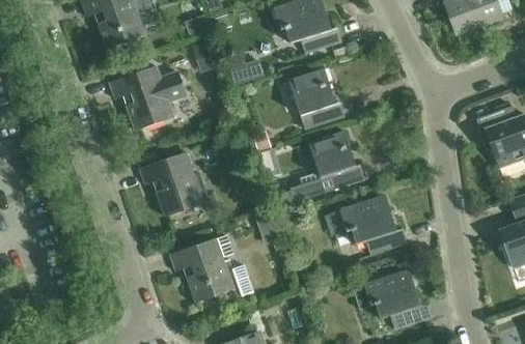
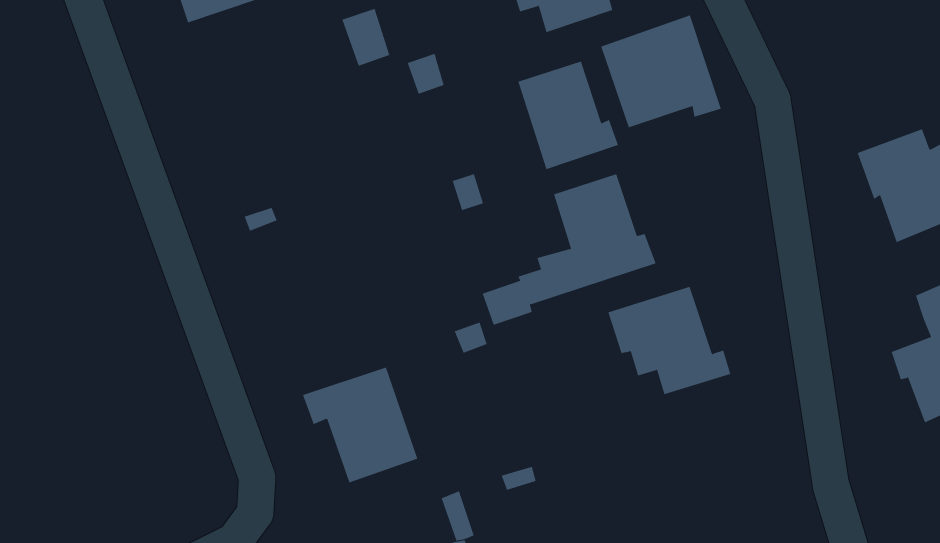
building: none -> [601,15,722,128]
building: [110,66,187,131] -> none
building: [139,152,218,217] -> none
building: [354,268,431,328] -> none

